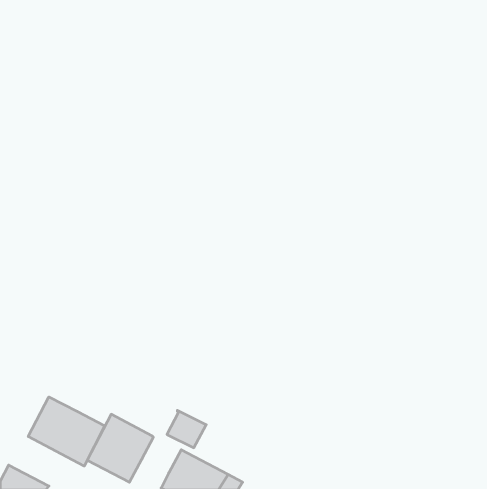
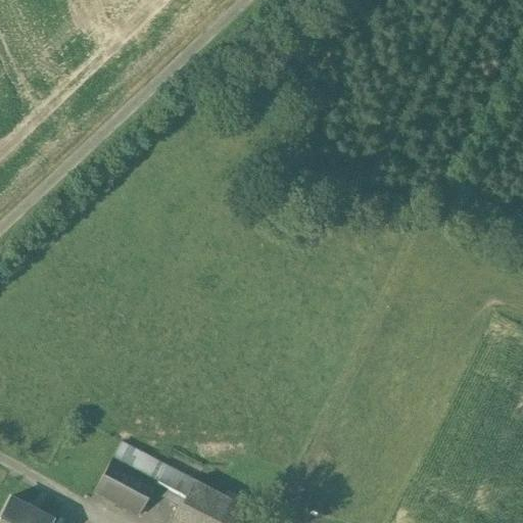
building: [28,397,104,466] -> none
building: [167,410,206,448] -> [154,465,196,505]

